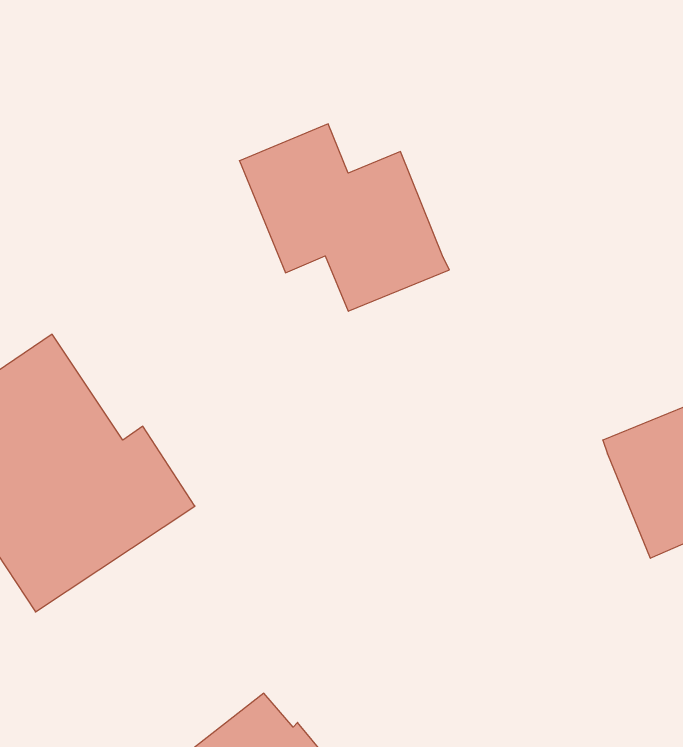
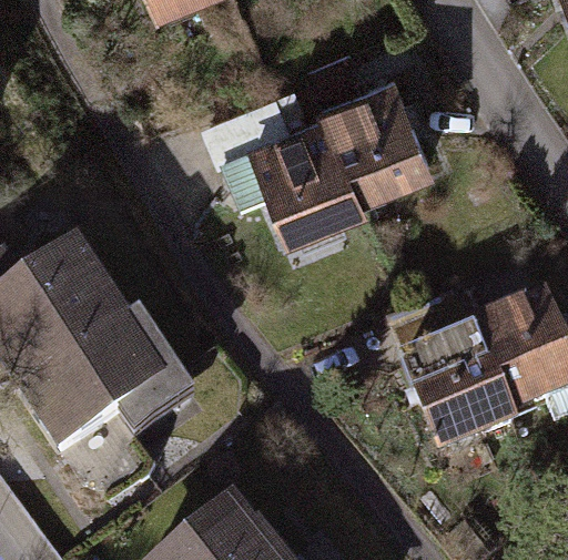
building: none -> [325,80,430,194]
building: none -> [407,336,514,450]

